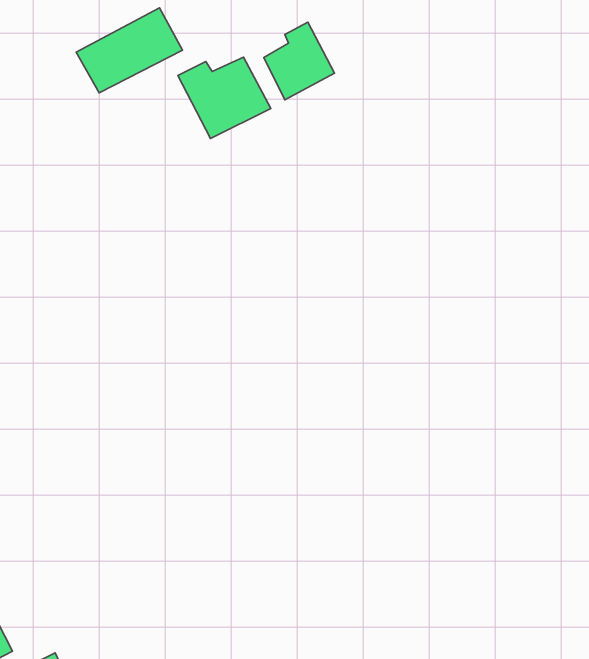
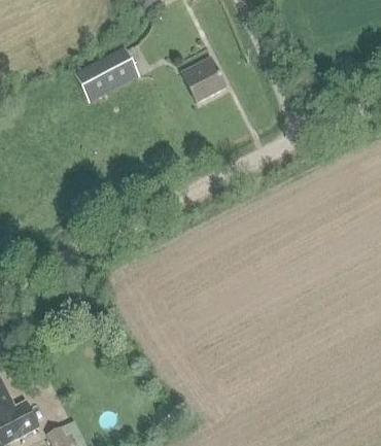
building: [178,57,271,139] -> none

